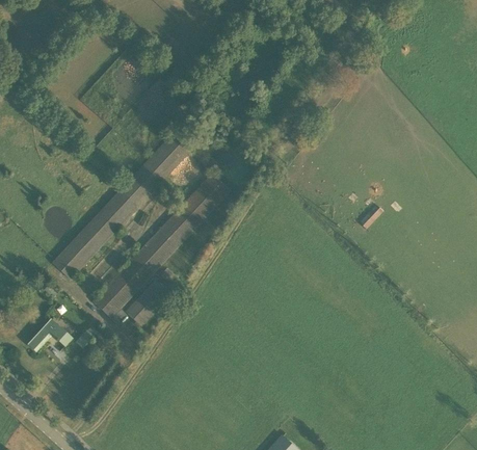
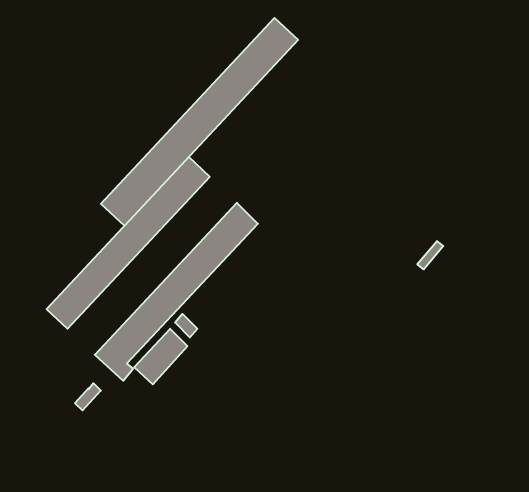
building: none -> [101,18,298,226]
building: [27,320,71,352] -> none

